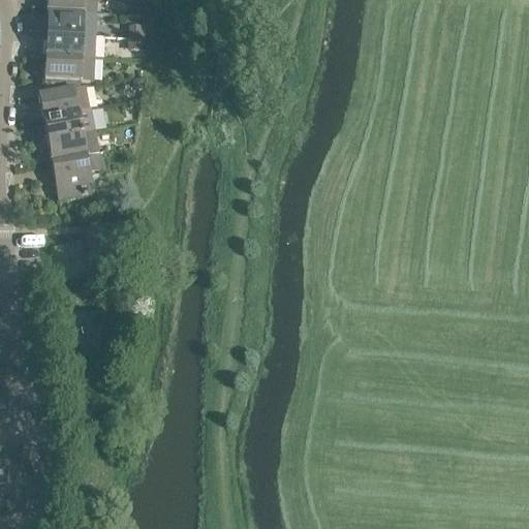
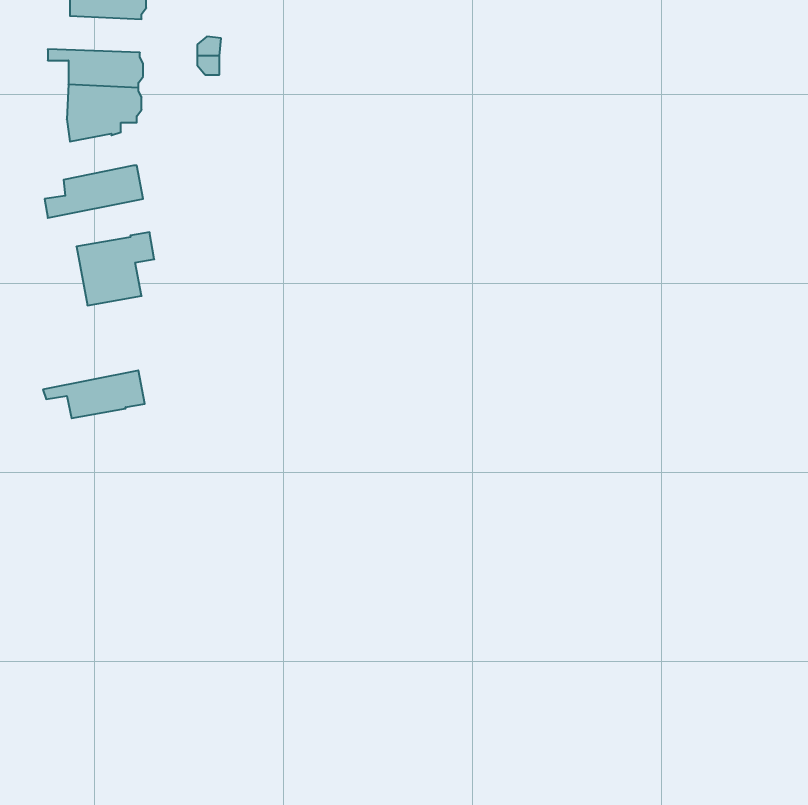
building: [34,10,97,34] -> none
building: [29,86,90,119] -> none
building: [34,129,100,160] -> [43,370,145,418]

